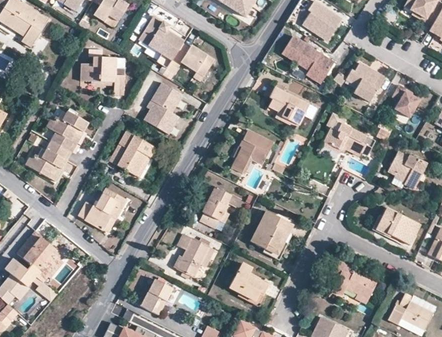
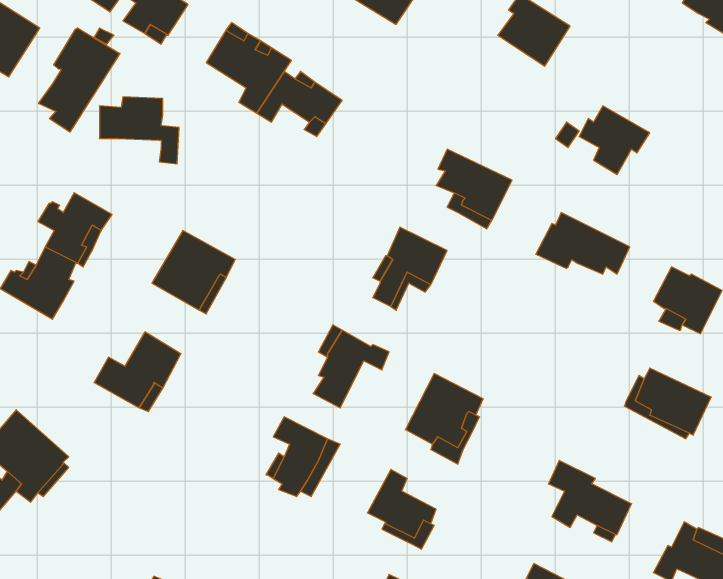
building: none -> [39,28,120,132]
building: [280,34,334,83] -> none
building: [146,83,185,135] -> none
building: [391,84,419,116] -> none
building: [141,279,172,315] -> none

